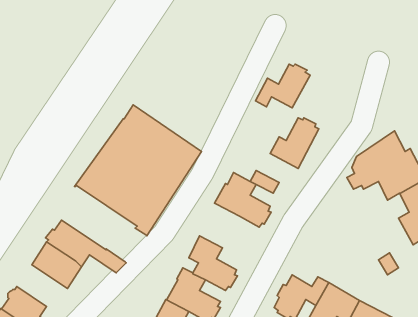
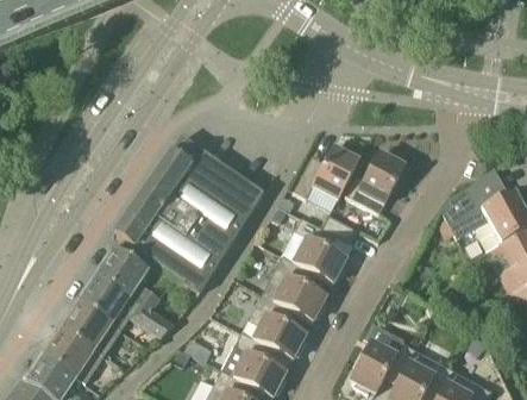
building: [255,64,310,108] -> [294,146,359,199]
building: none -> [96,246,159,310]
building: none -> [262,255,327,320]
building: none -> [43,327,103,382]

